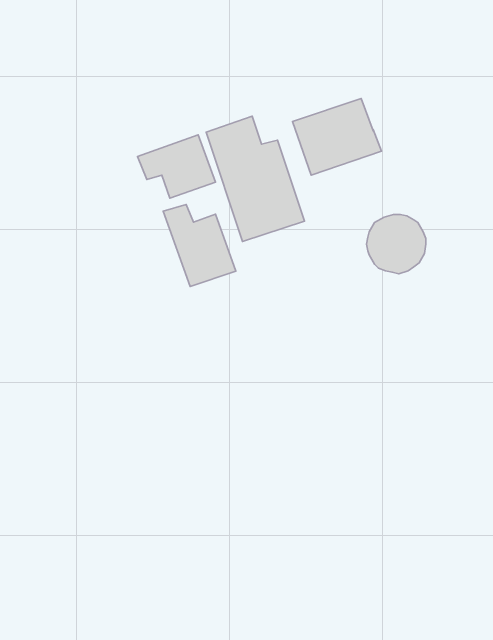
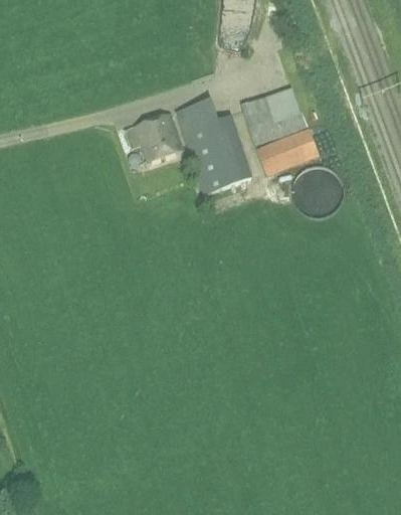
building: none -> [255,127,320,176]
building: [163,204,236,287] -> none

